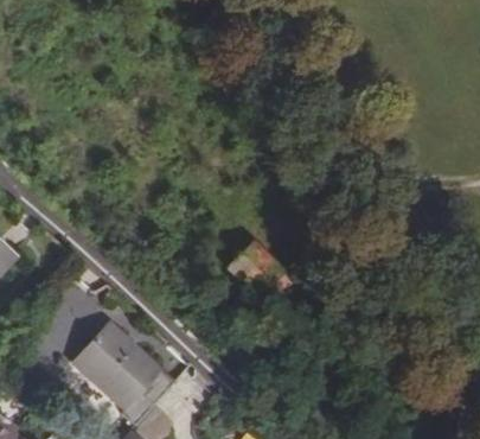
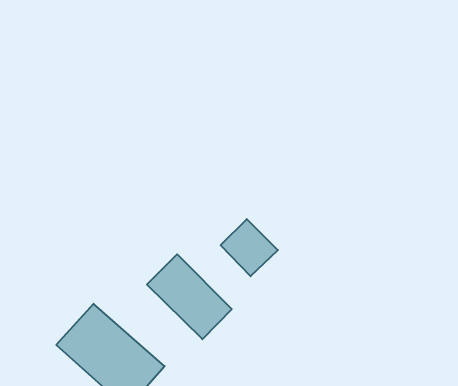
building: none -> [147,254,232,339]

